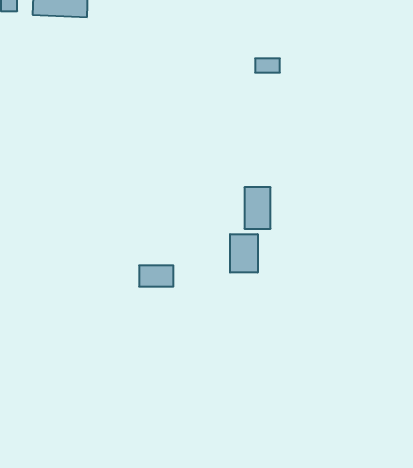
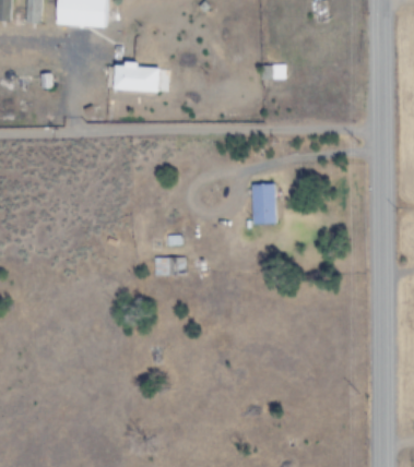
building: none -> [114,63,161,92]
building: [230,234,258,273] -> none

